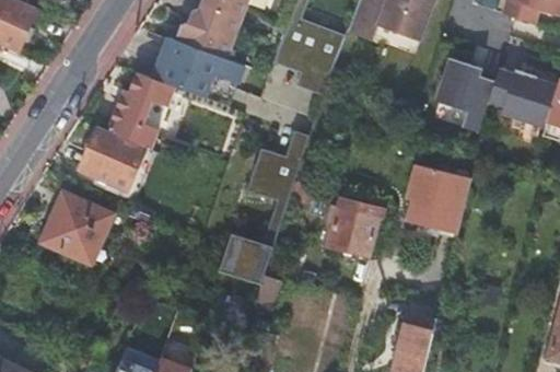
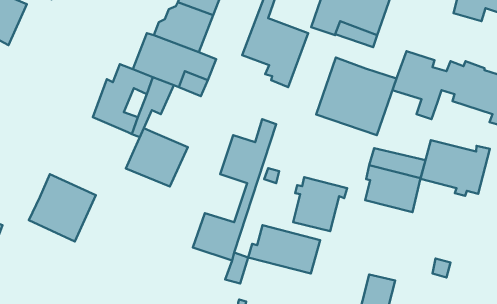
building: none -> [316,58,396,135]
building: [79,125,147,188] -> [126,128,188,186]
building: none -> [420,140,490,196]
building: none -> [248,225,320,273]

